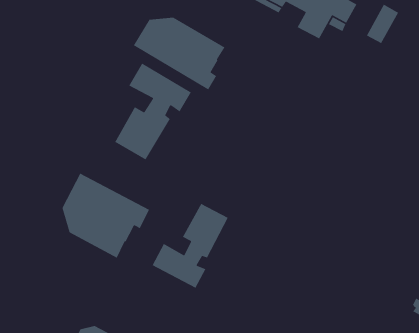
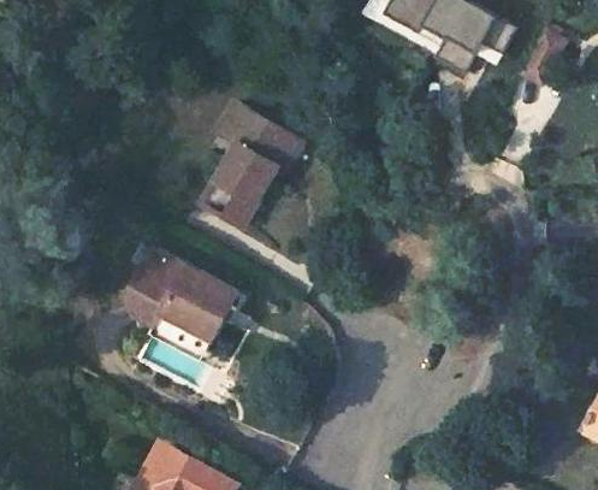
building: [133,17,226,90] -> none
building: [152,203,229,289] -> none

